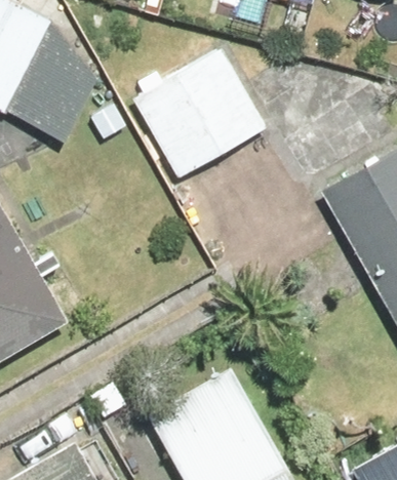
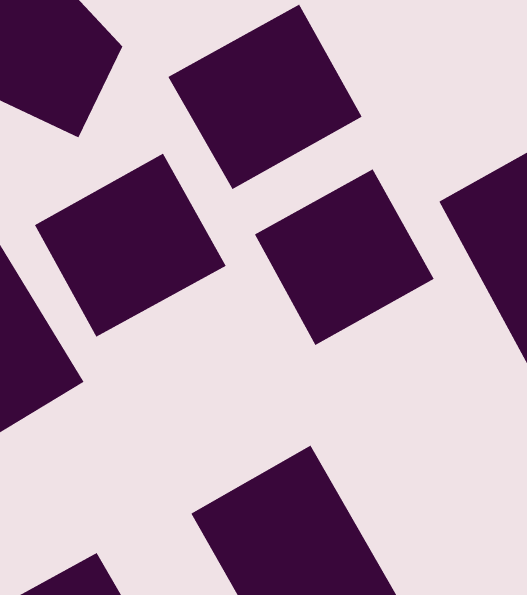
building: none -> [34,153,227,337]
building: none -> [254,169,434,346]

